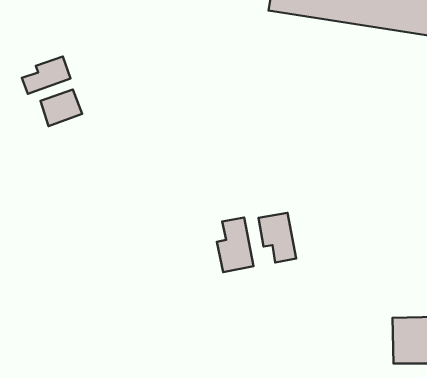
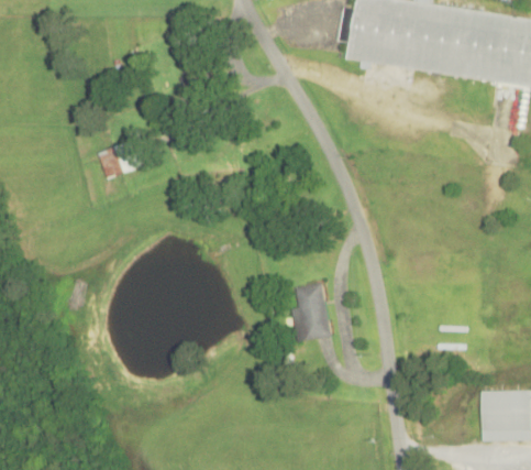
building: [22,56,70,94] -> none
building: [259,213,296,263] -> none

